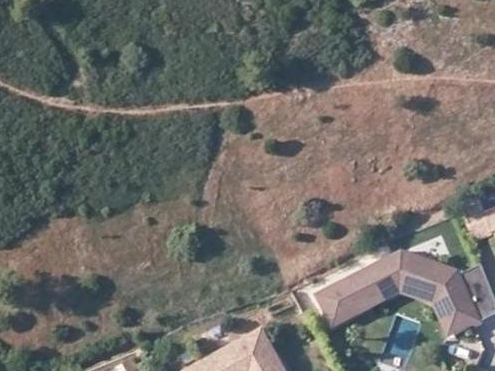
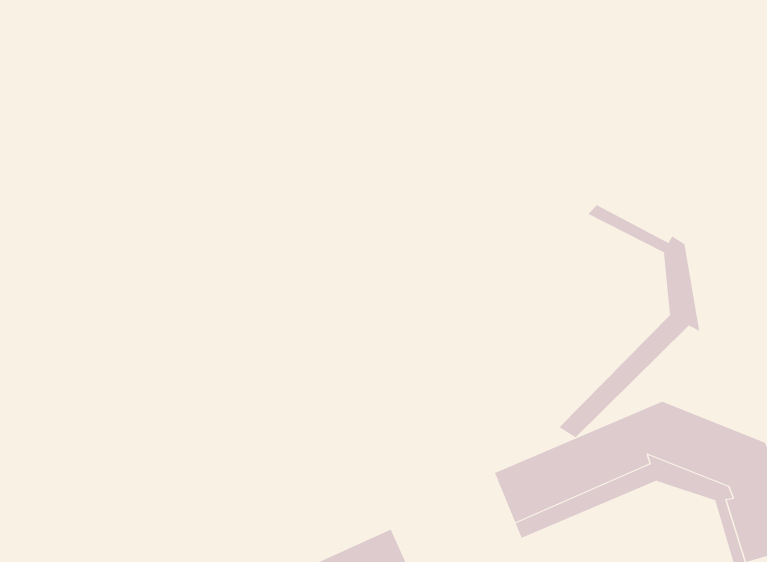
building: none -> [559,204,700,438]

